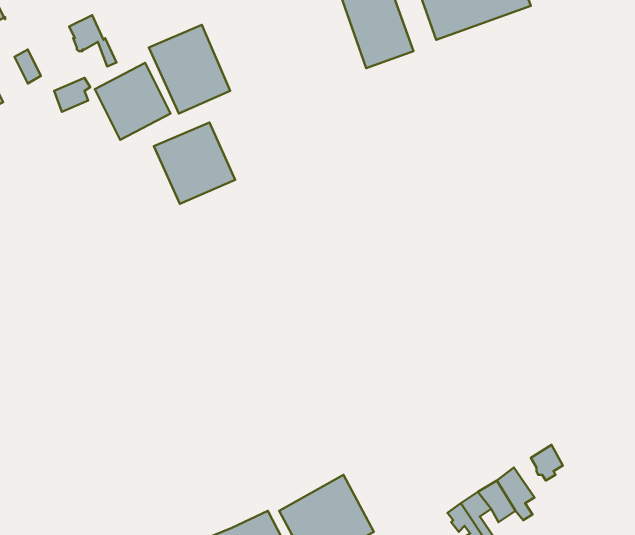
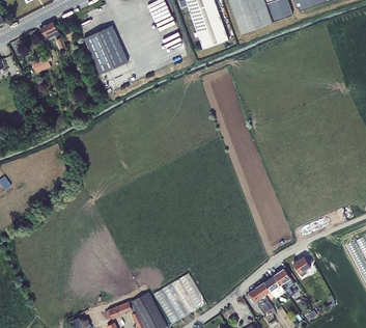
building: [95,63,170,140] -> none
building: [154,122,235,204] -> none

